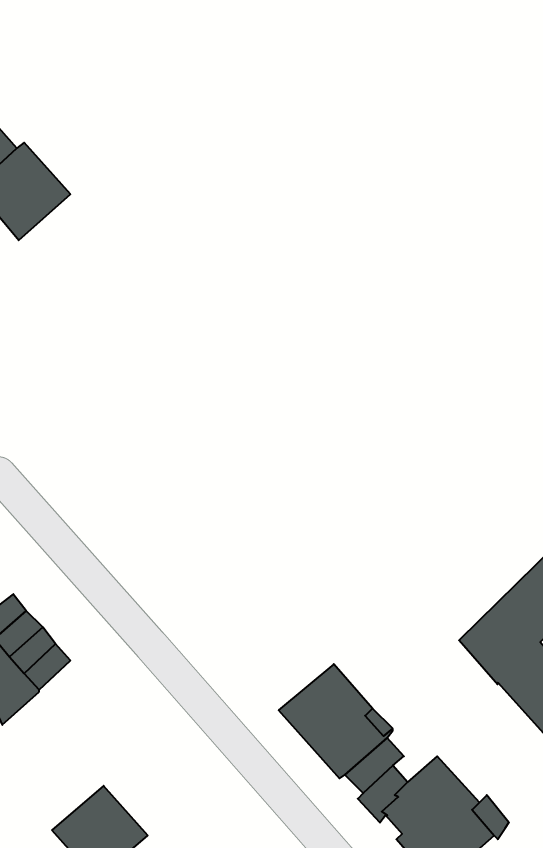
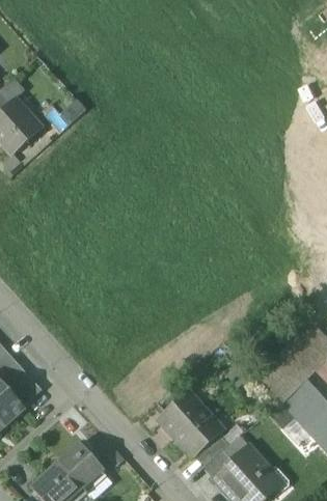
building: none -> [59,442,104,488]

